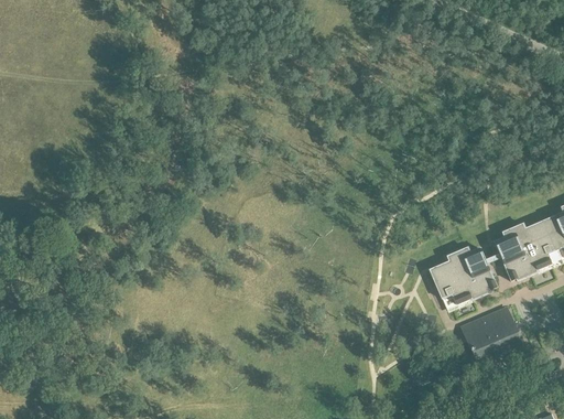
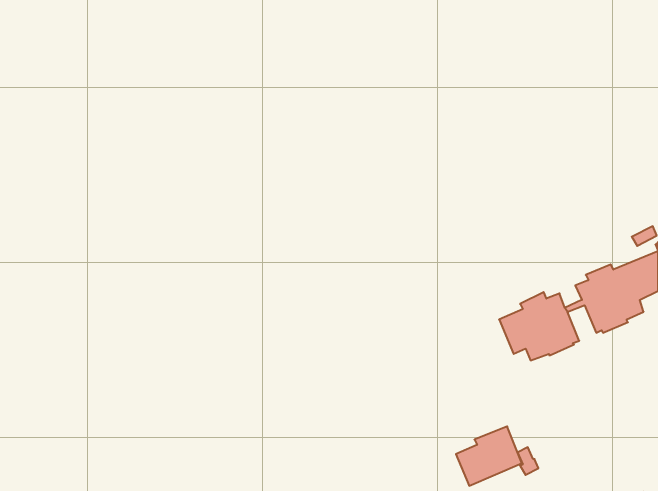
building: [464,308,519,357] -> [456,426,522,486]

